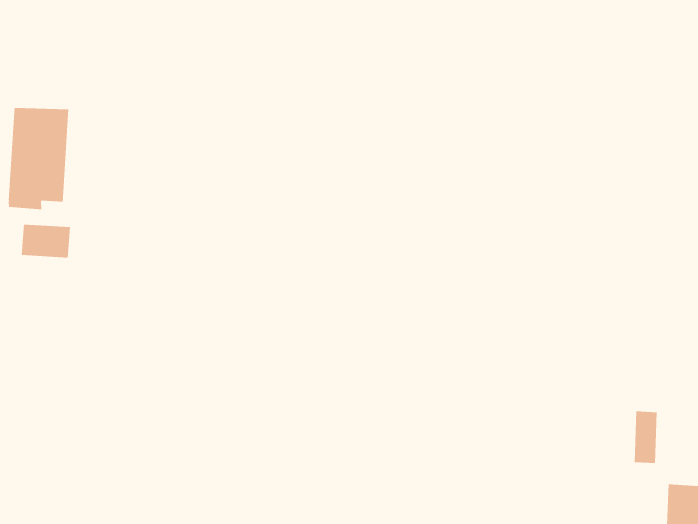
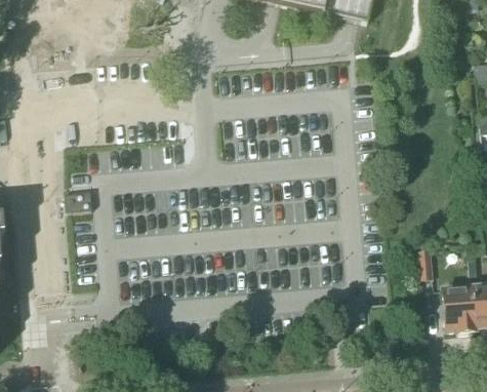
building: [8,107,69,210] -> none

